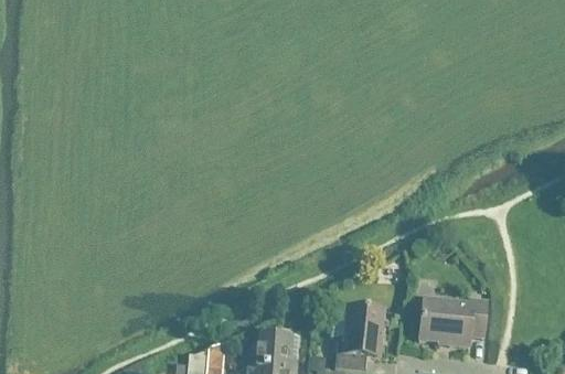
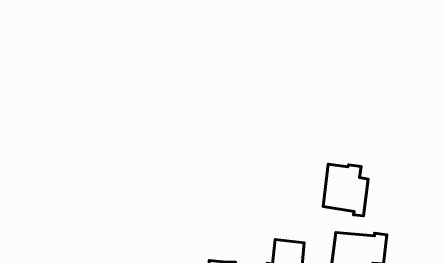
building: none -> [323,164,368,216]

